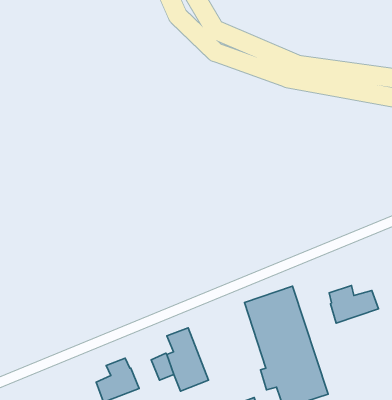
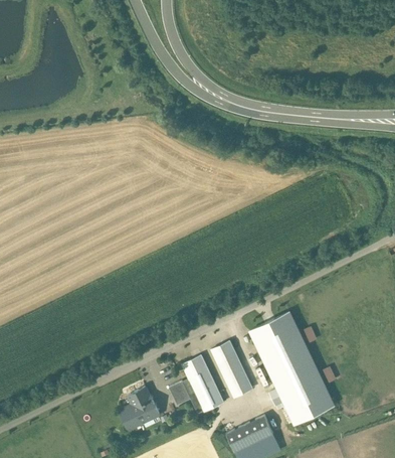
building: [329,285,379,323] -> none
building: none -> [211,342,251,398]

